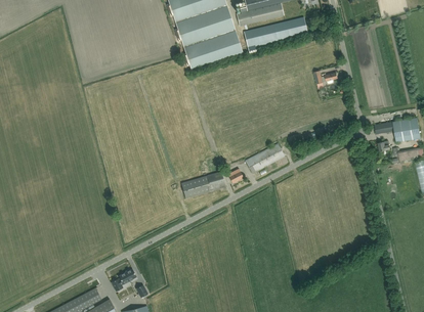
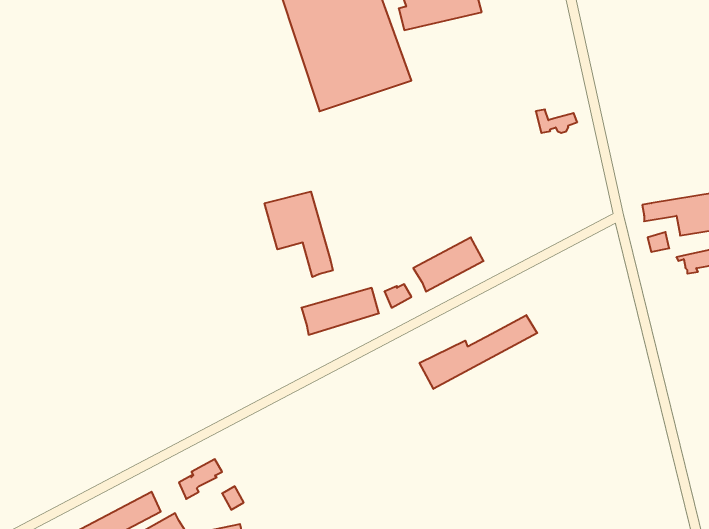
building: [244,16,307,46] -> none
building: none -> [265,192,333,277]
building: none -> [420,315,537,389]

